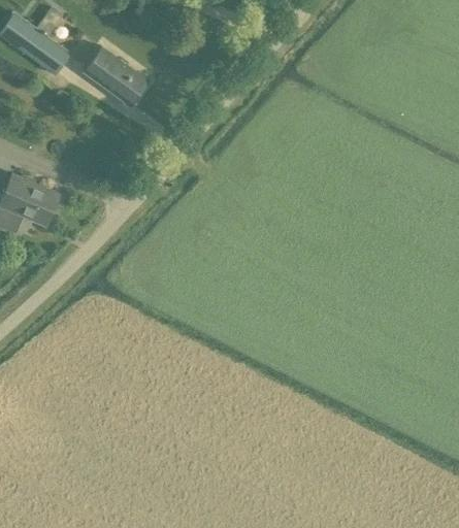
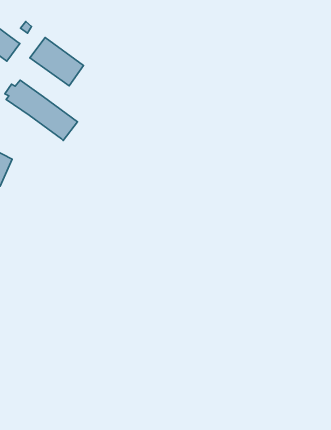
building: none -> [5,80,77,140]

